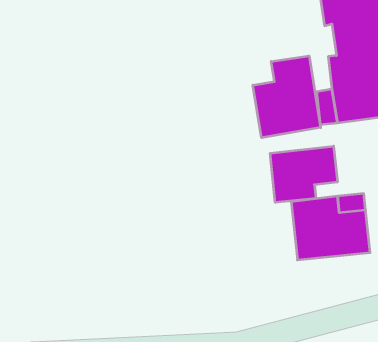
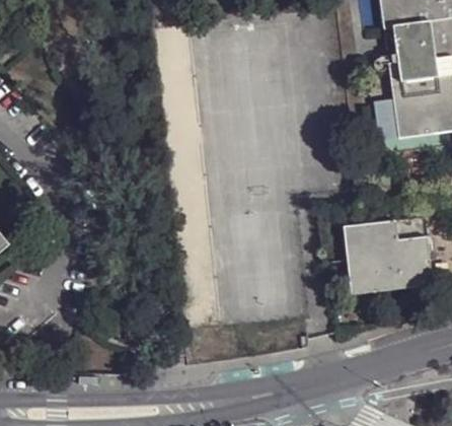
building: [253,56,321,138] -> none
building: [270,146,337,202] -> none

